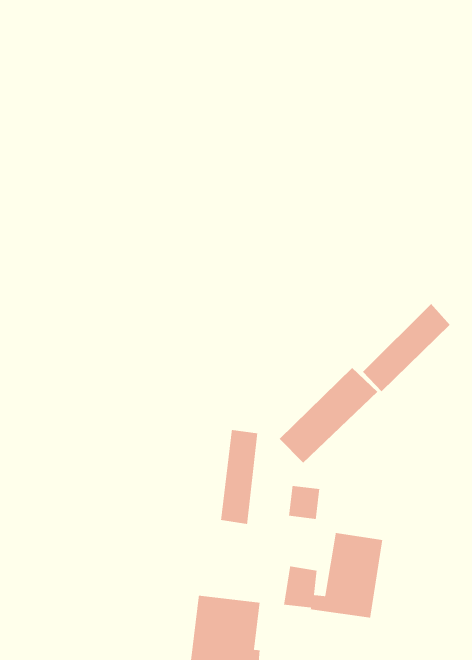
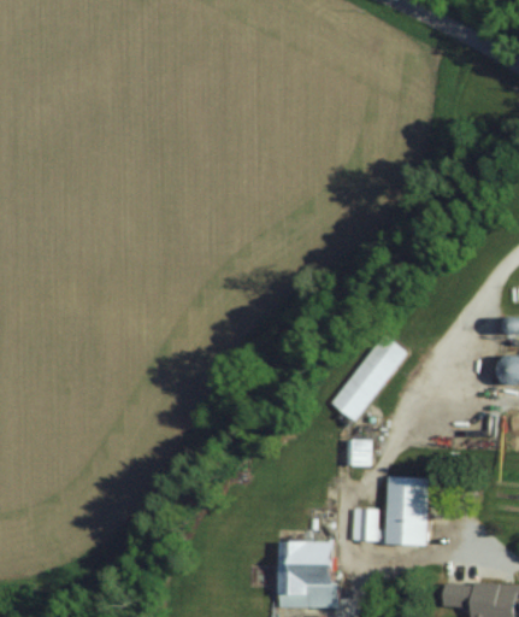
building: [362,303,451,392] -> none
building: [220,429,258,525] -> none

